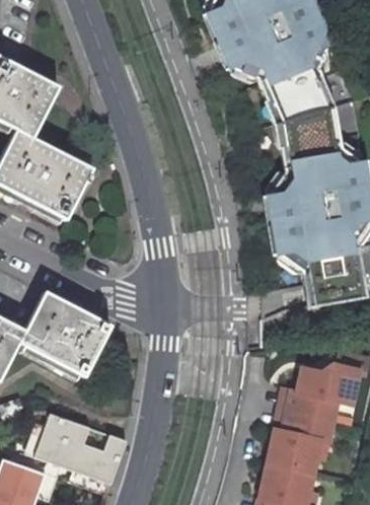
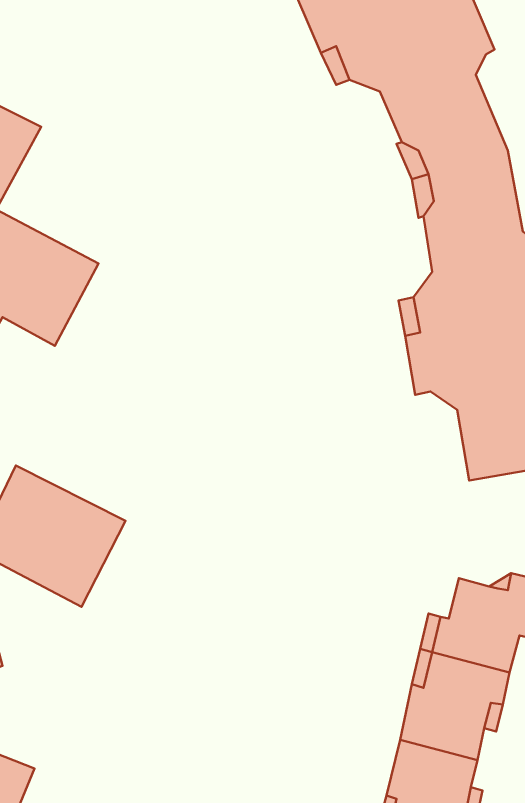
building: [41,415,132,485] -> none

